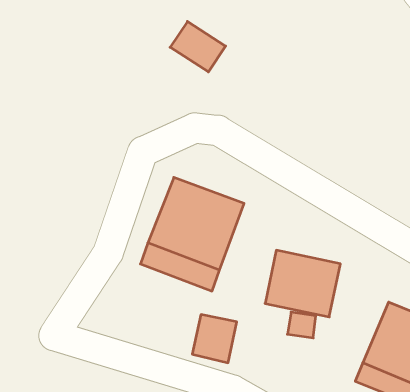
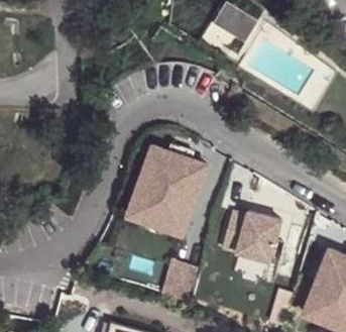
building: [170,21,226,72] -> [214,7,259,48]

